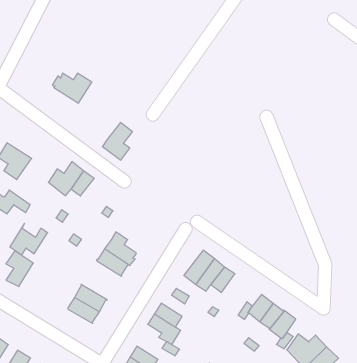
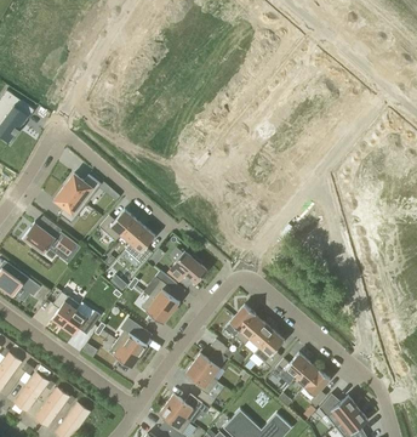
building: [52,73,92,103] -> [62,171,101,202]
building: [102,123,132,160] -> [126,226,156,262]
building: none -> [170,250,208,282]
building: [10,223,48,255] -> [64,303,102,334]
building: none -> [256,329,286,367]

